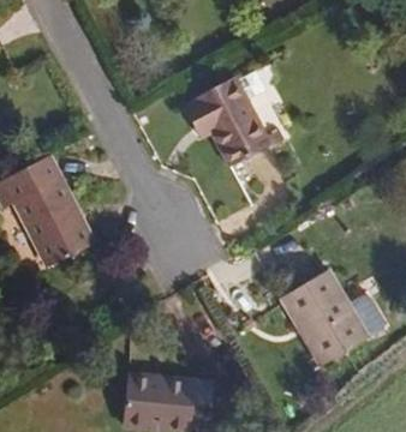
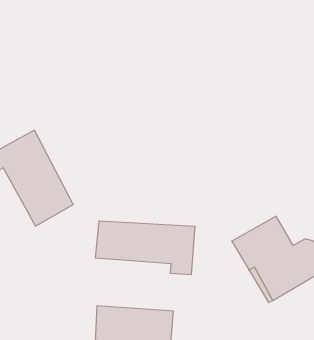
building: [189,84,277,172] -> none
building: none -> [96,221,195,275]

